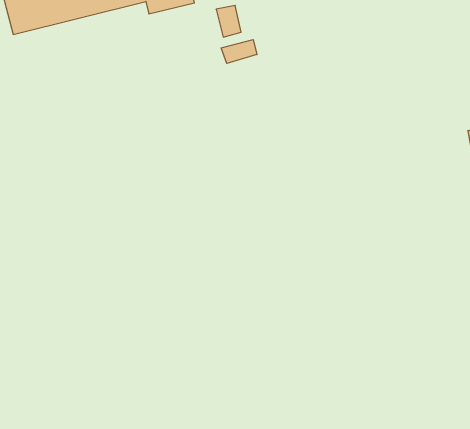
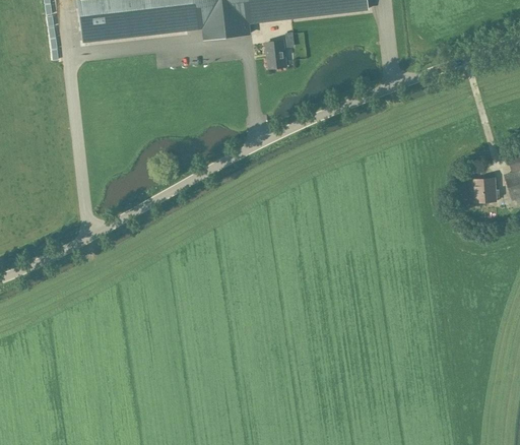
building: [221,40,257,63] -> none

